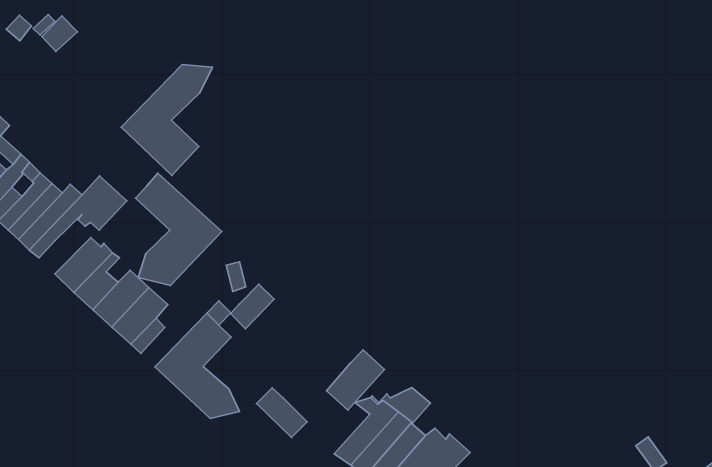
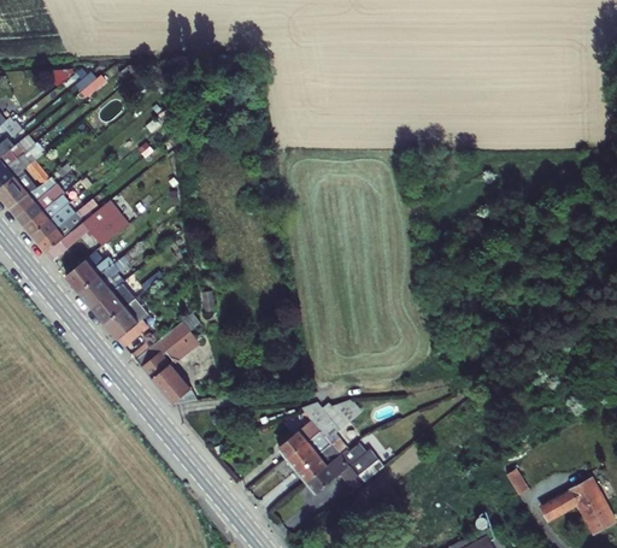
building: [121,65,212,175] -> none
building: [136,173,222,285] -> none
building: [230,284,274,329] -> none
building: [327,350,384,410] -> none
building: [256,388,307,438] -> none

